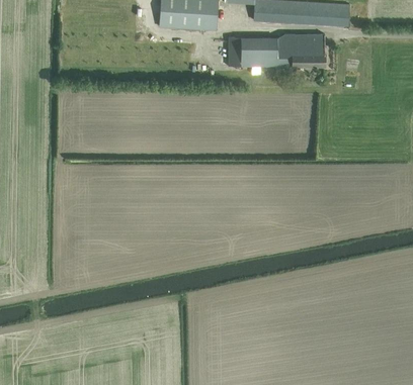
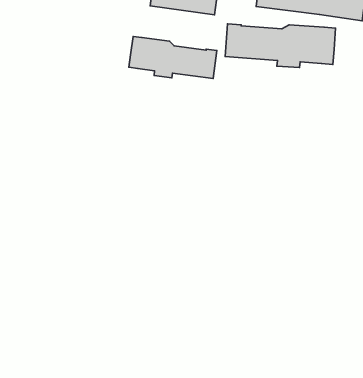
building: none -> [129,36,217,78]

